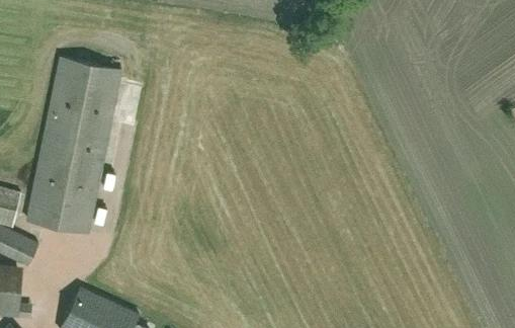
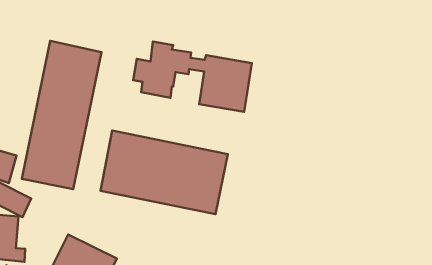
building: none -> [133,42,252,112]
building: none -> [100,131,228,214]

